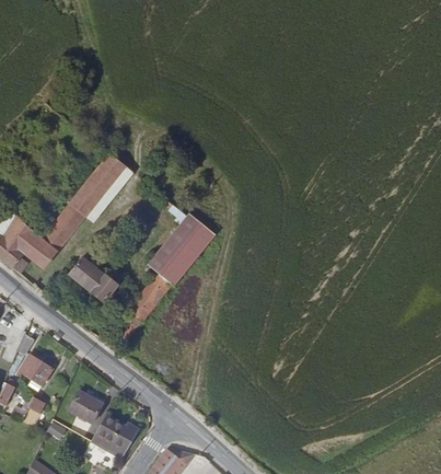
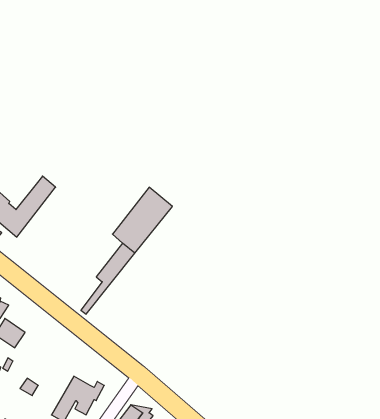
building: [72,153,127,215] -> none
building: [70,255,119,302] -> none
building: [69,393,103,426] -> none

